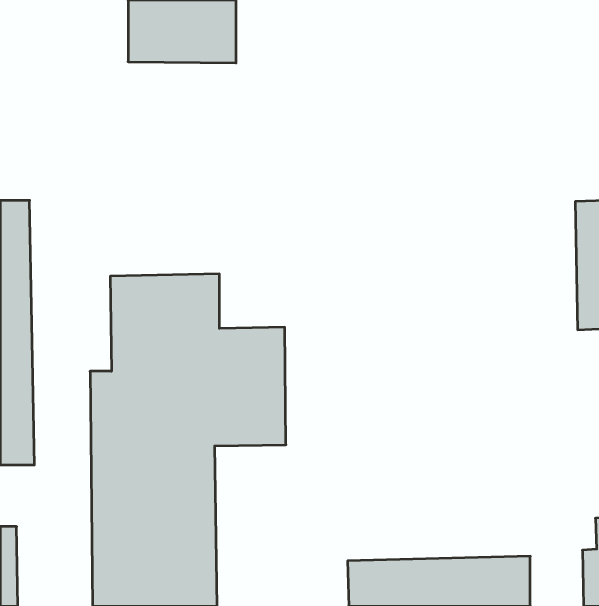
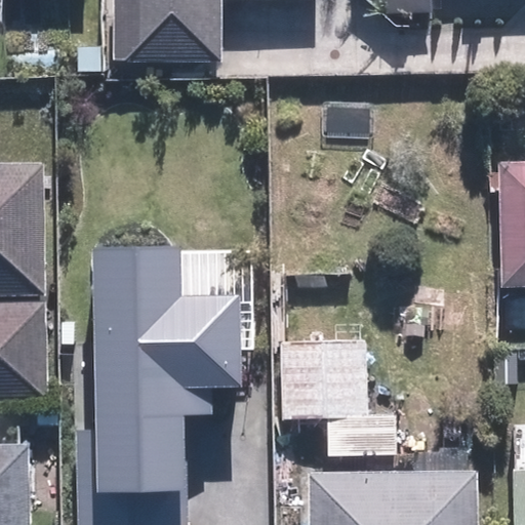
building: none -> [281,350,392,454]

